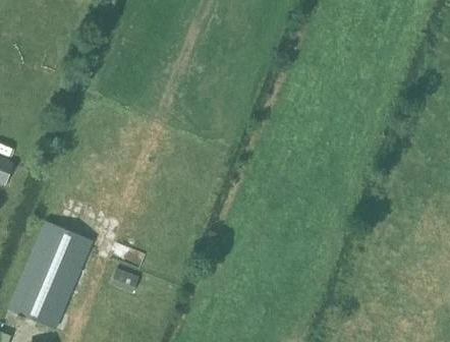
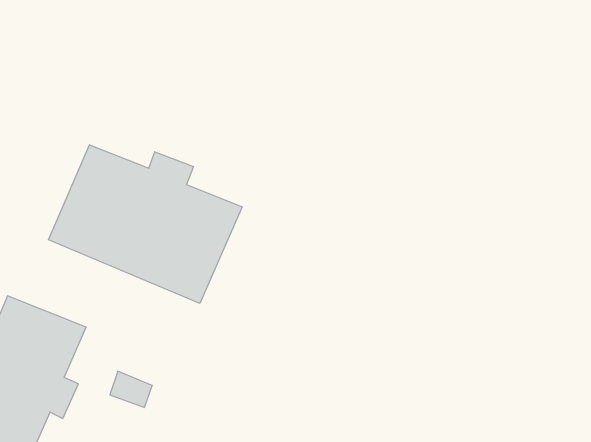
building: none -> [49,145,242,303]

